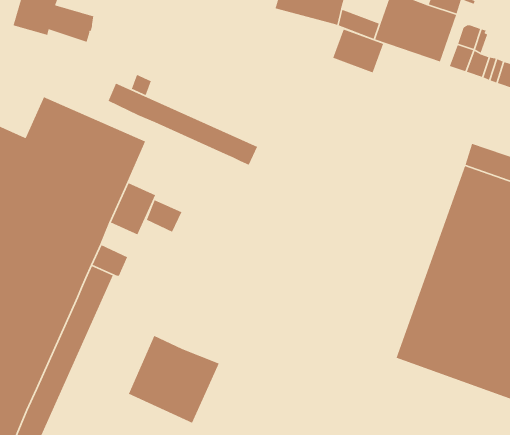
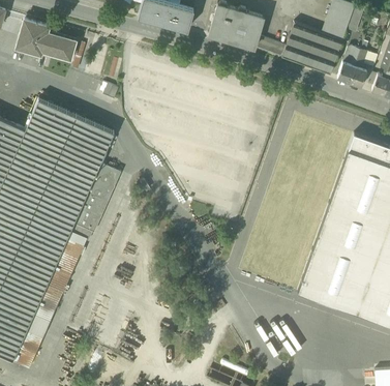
building: [332,28,384,73] -> none
building: [108,82,258,166] -> none
building: [146,199,182,233] -> [81,194,108,218]
building: [128,335,220,424] -> none

